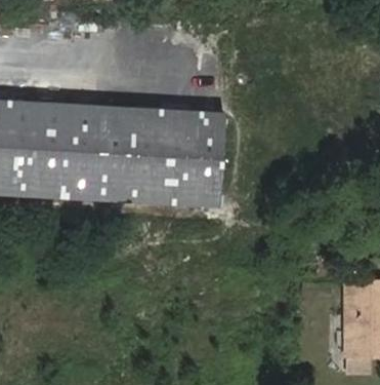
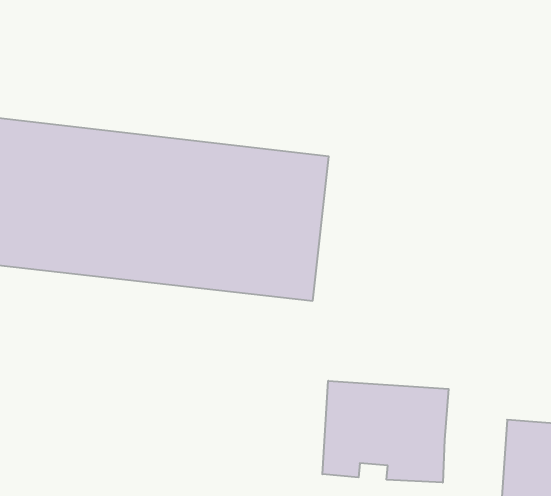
building: none -> [322,381,449,483]

